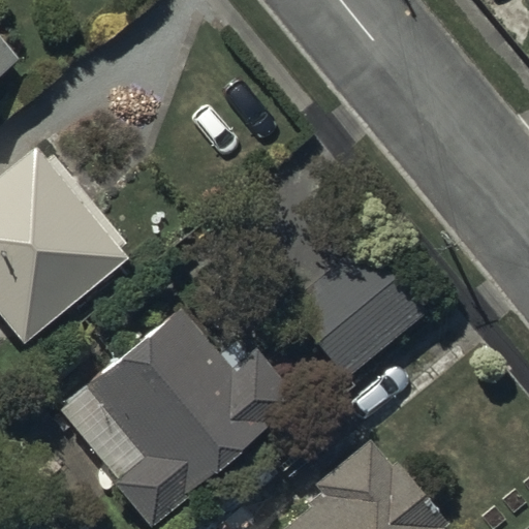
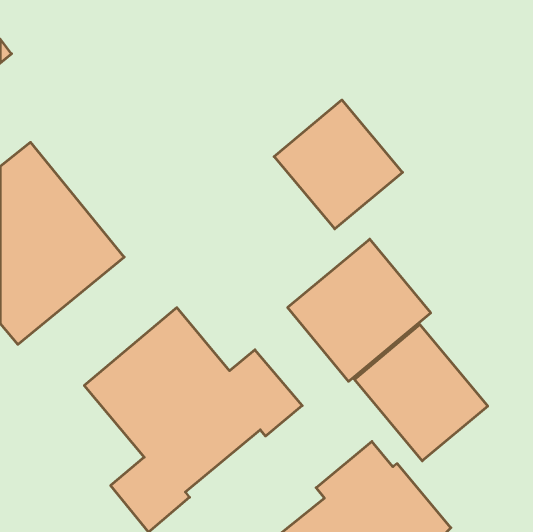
building: none -> [274,100,403,229]
building: none -> [354,324,488,461]

